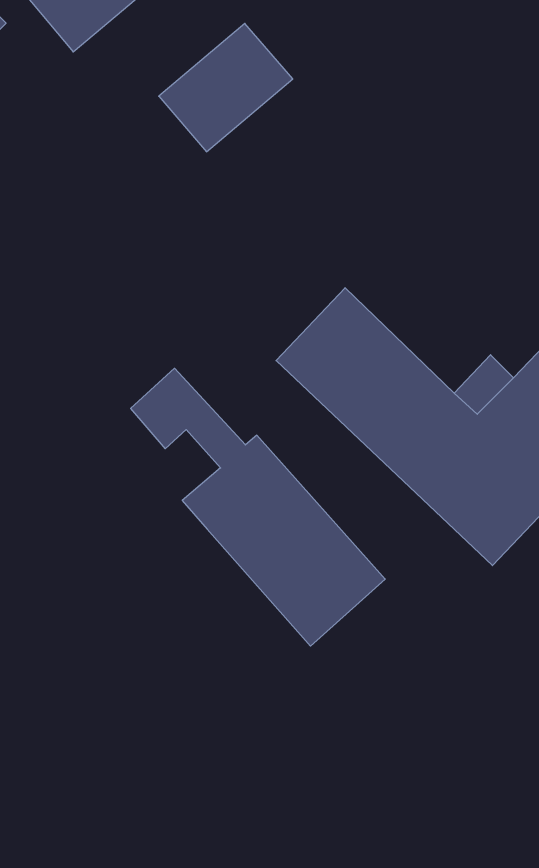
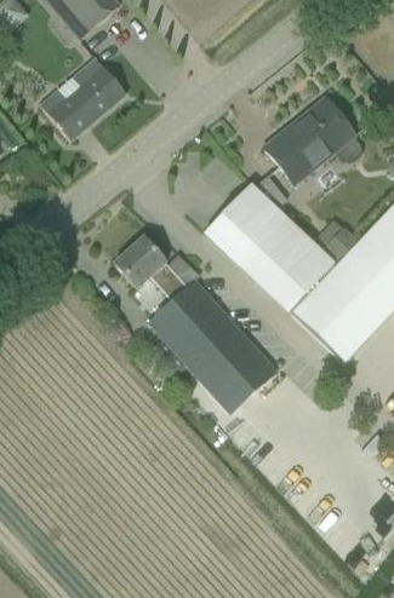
building: [159,23,293,152] -> [41,58,126,139]
building: none -> [264,102,361,184]

